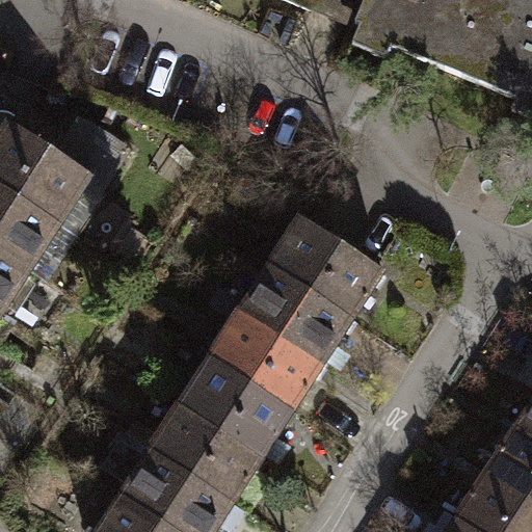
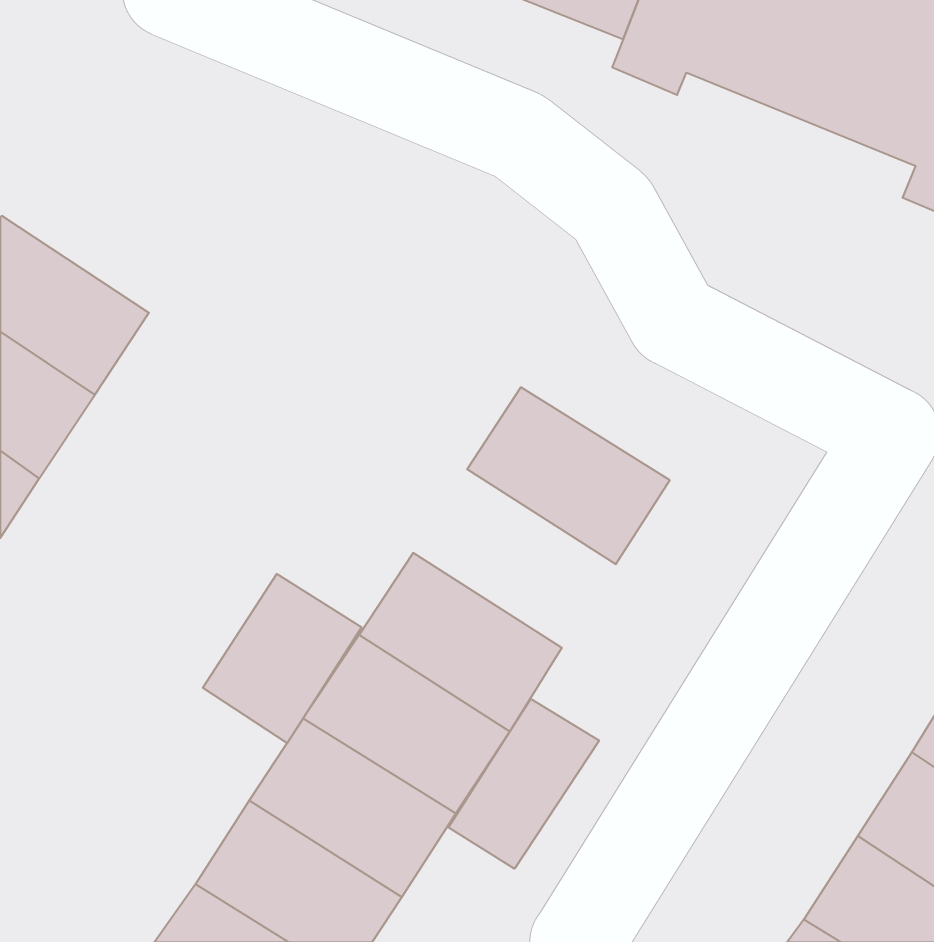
building: [240,262,353,362] -> none
building: none -> [203,574,361,743]
building: none -> [448,699,599,869]

